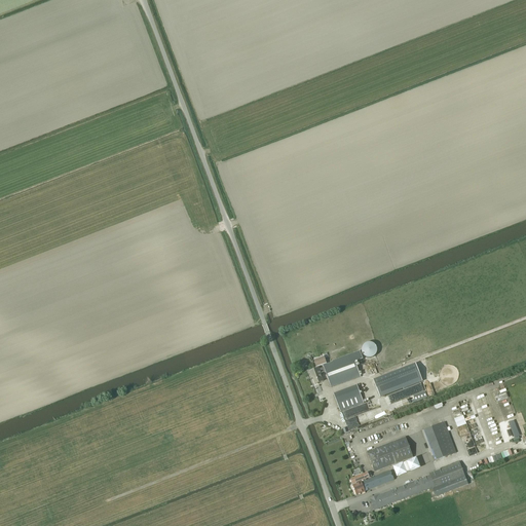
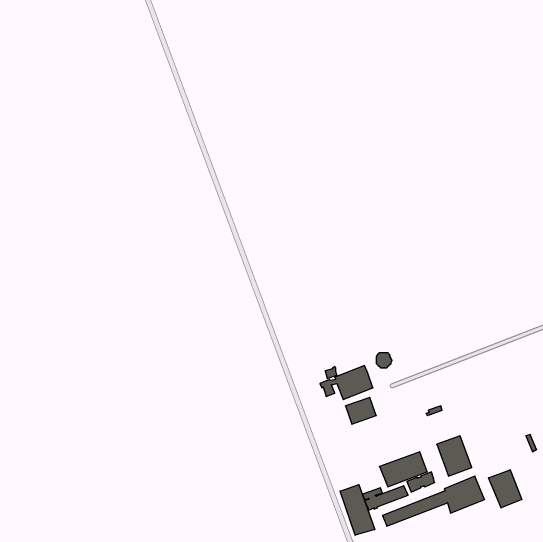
building: [374,363,423,397] -> none
building: none -> [489,470,522,508]
building: none -> [340,485,375,535]

